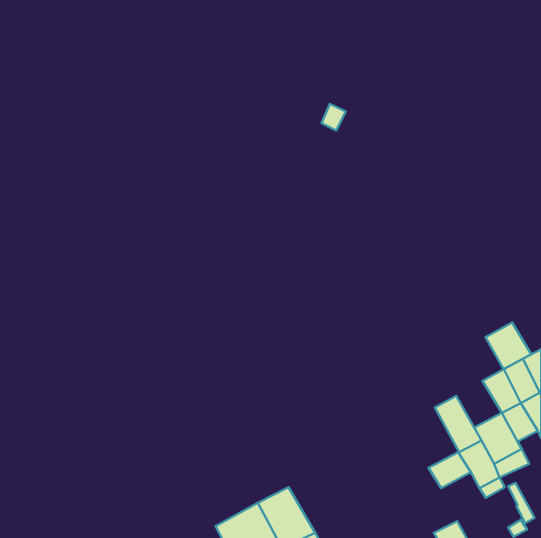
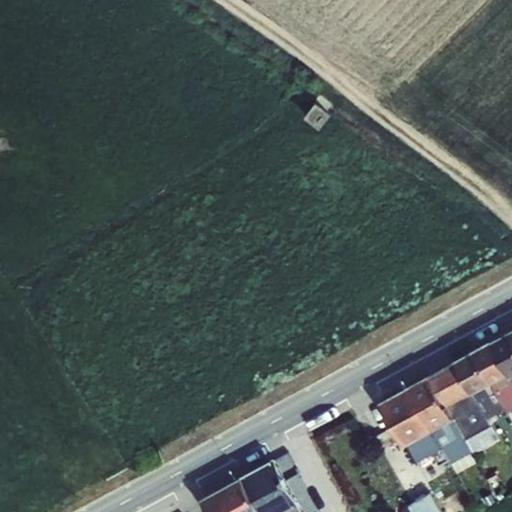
building: [486,322,531,369] -> [430,363,473,407]
building: none -> [381,388,433,445]

